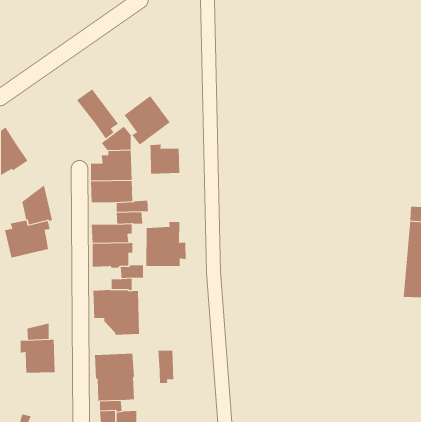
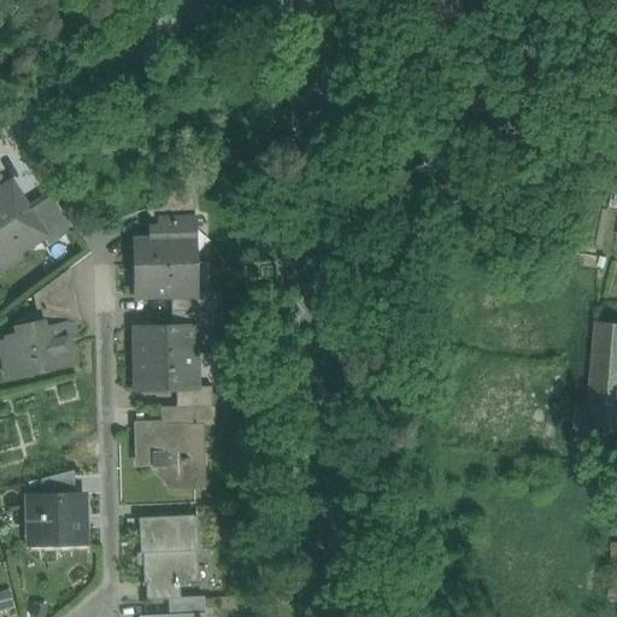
building: [76,89,119,139] -> none
building: [124,95,171,145] -> none
building: none -> [27,194,75,246]
building: [150,144,180,174] -> none
building: [146,221,186,267] -> none
building: [158,350,174,384] -> none

